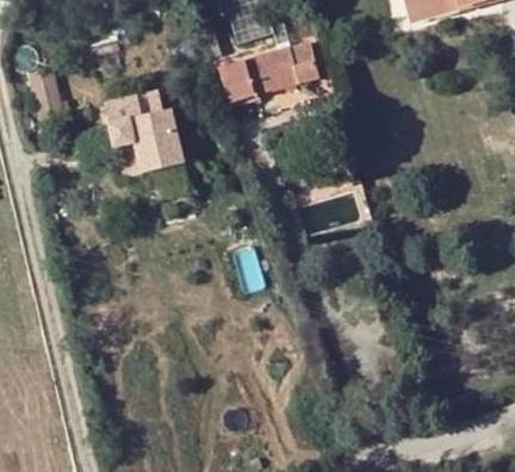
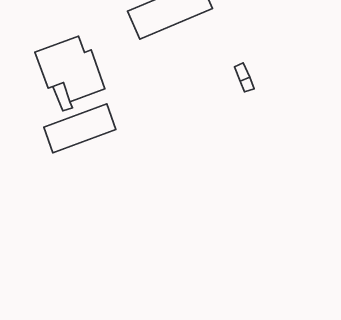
building: none -> [44,104,116,153]

